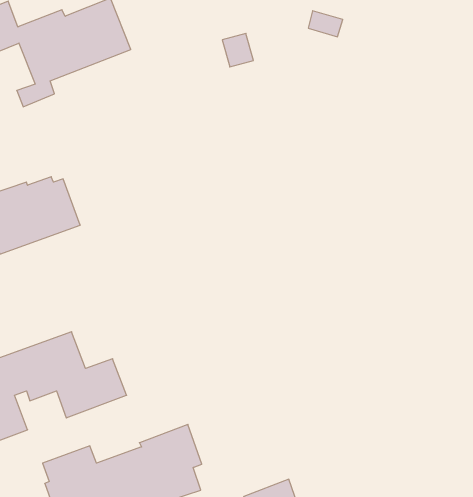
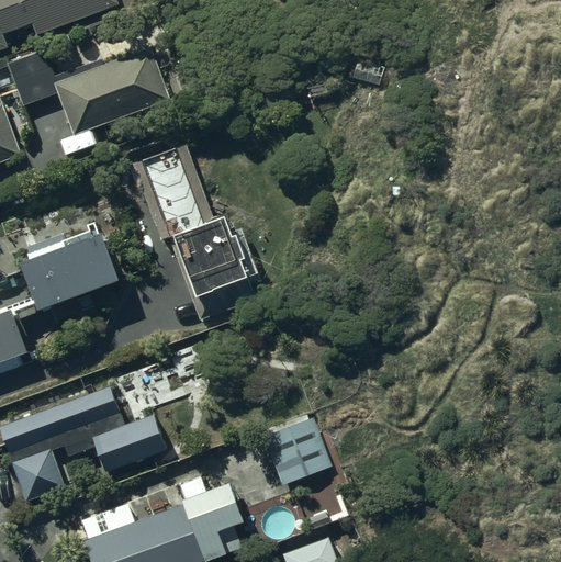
building: none -> [138,140,256,319]
building: none -> [263,418,329,484]

